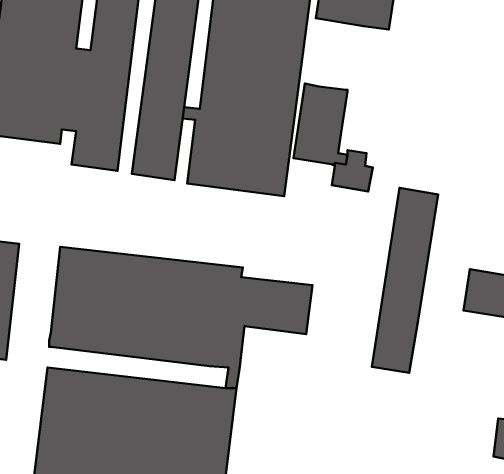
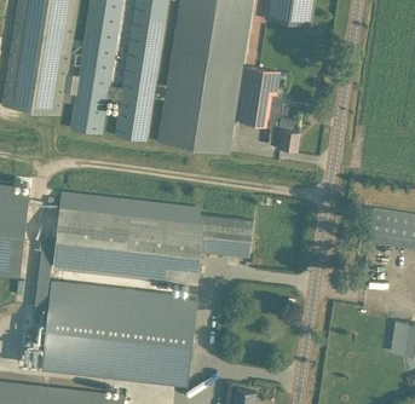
building: [372,188,438,373] -> none

